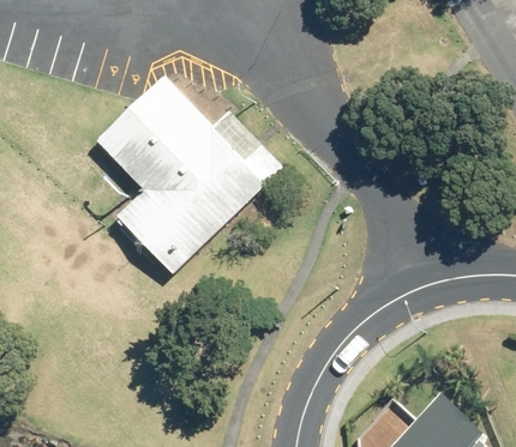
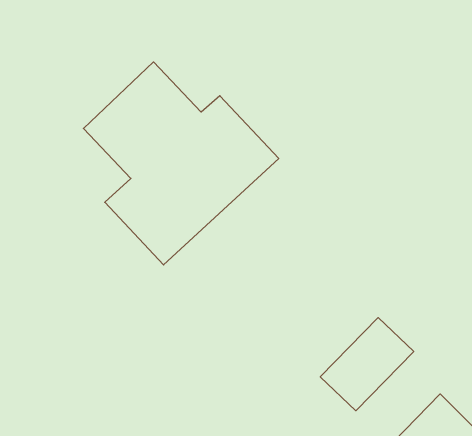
building: none -> [320,318,414,411]

